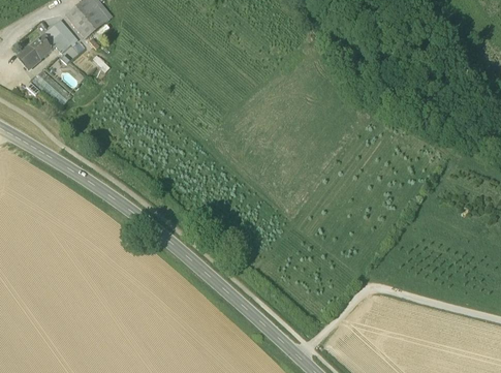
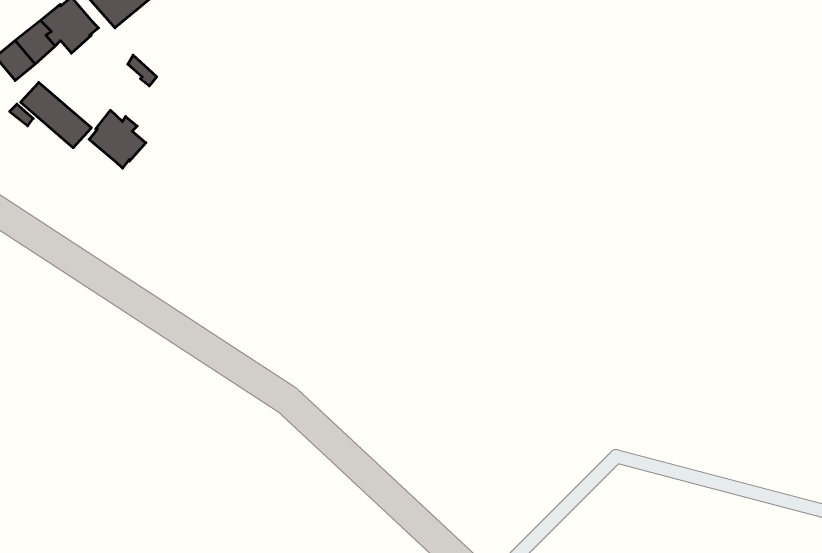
building: none -> [89,110,146,168]

